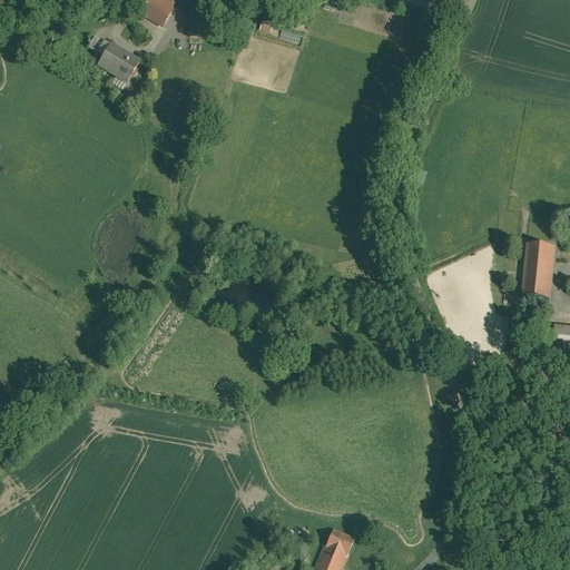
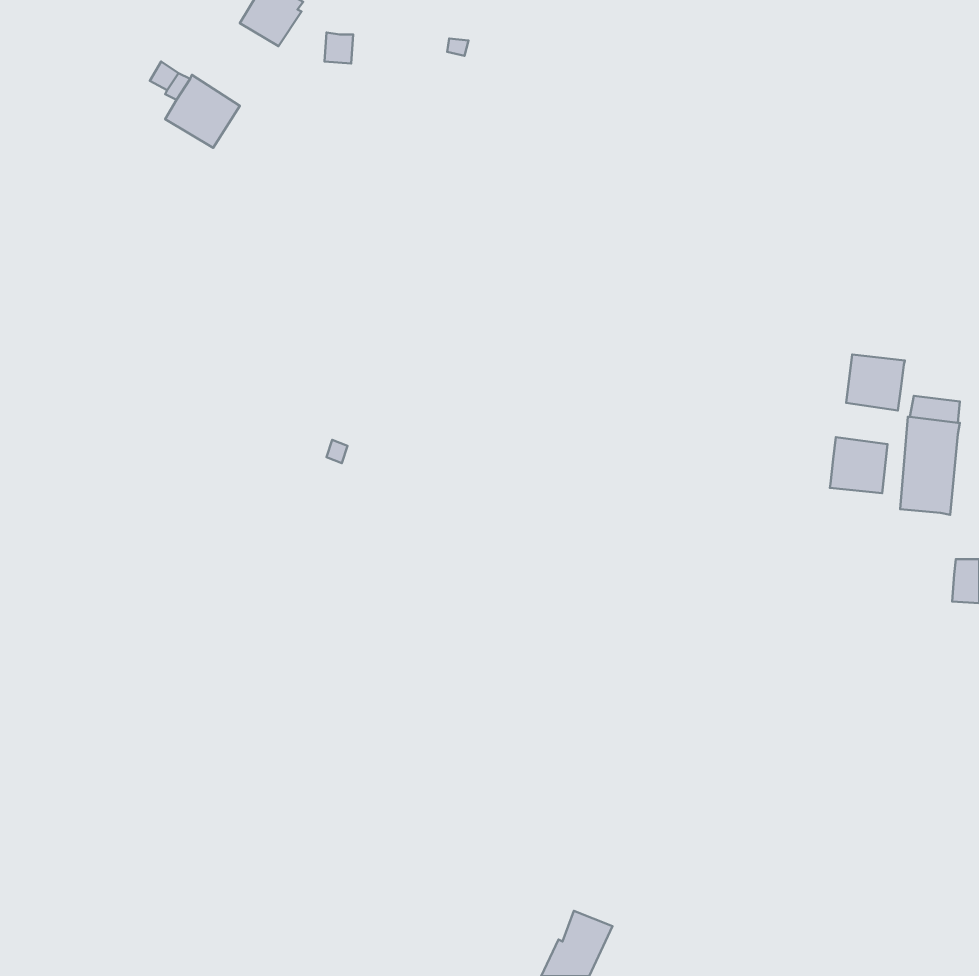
building: none -> [846,354,905,410]
building: none -> [830,437,887,493]

